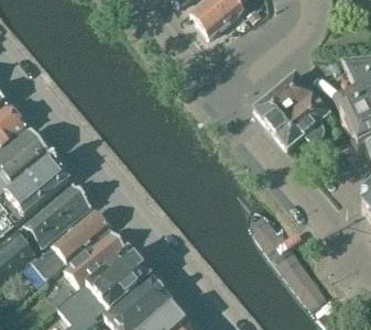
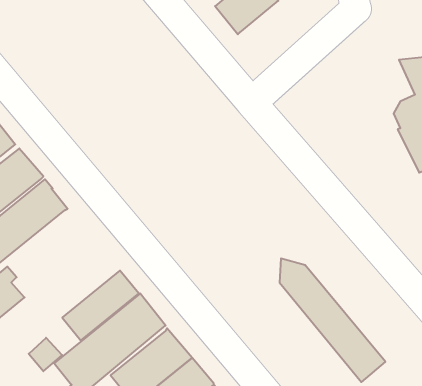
building: [255,72,330,146] -> none
building: [21,183,92,245] -> none
building: [33,209,110,278] -> none

